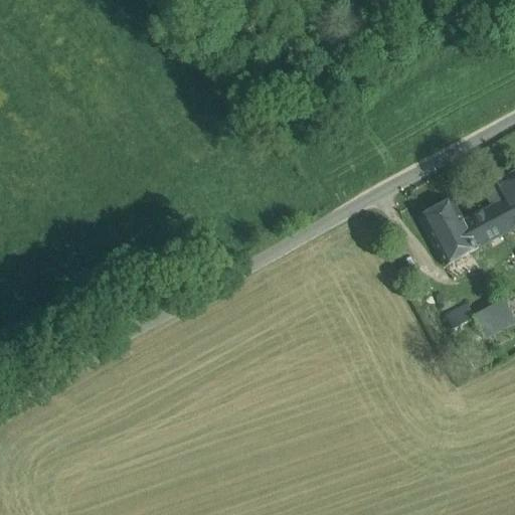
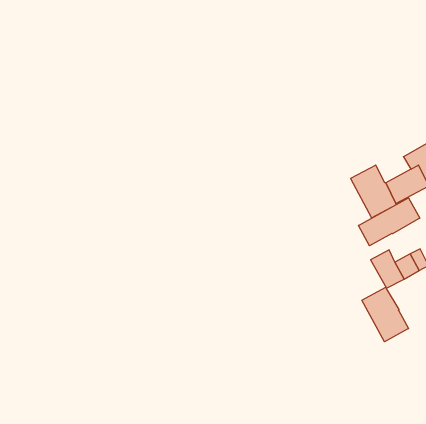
building: none -> [358,198,420,246]
building: none -> [362,287,409,342]

